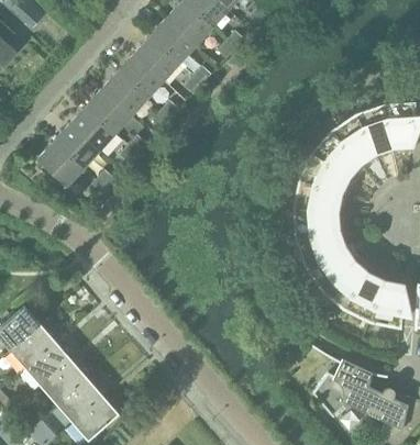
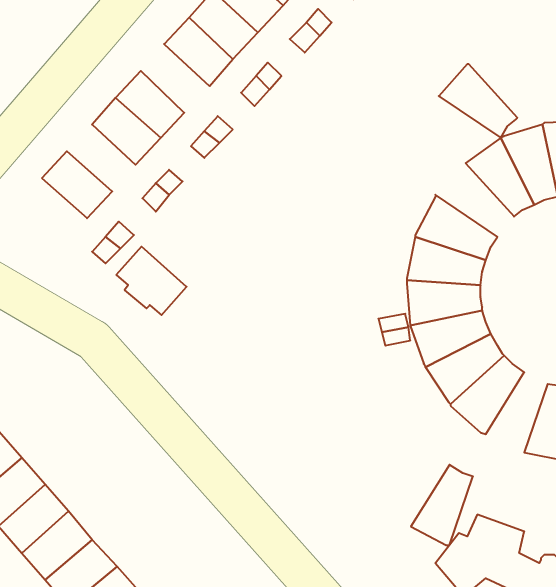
building: [119,53,164,98] -> none
building: [70,105,115,149] -> none
building: [312,131,364,179] -> [439,64,517,138]
building: [37,141,84,186] -> [116,247,187,315]
building: [345,268,386,321] -> [411,465,473,545]

